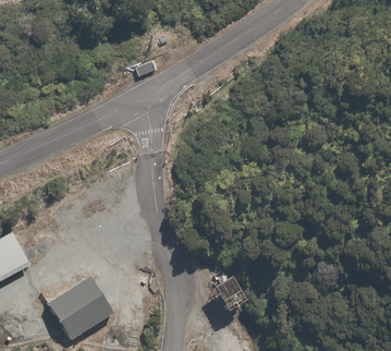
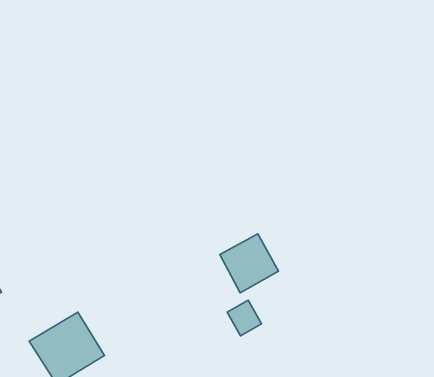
building: none -> [220,234,279,293]

